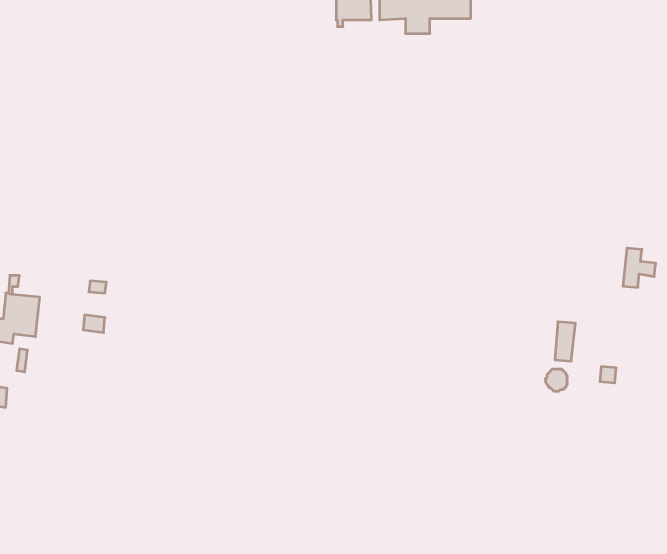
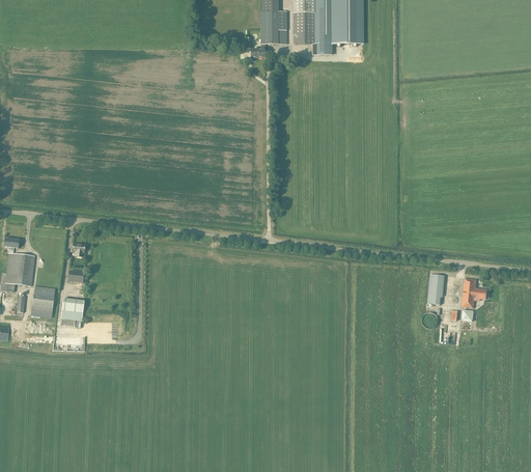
building: [623,248,656,287] -> [462,277,486,307]
building: none -> [30,285,55,316]
building: none -> [61,298,84,321]

